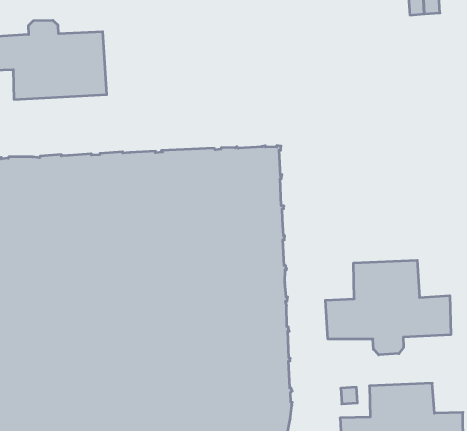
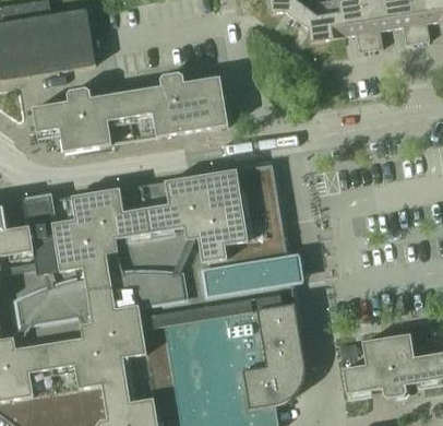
building: none -> [124,72,228,140]
building: [325,260,451,355] -> none

